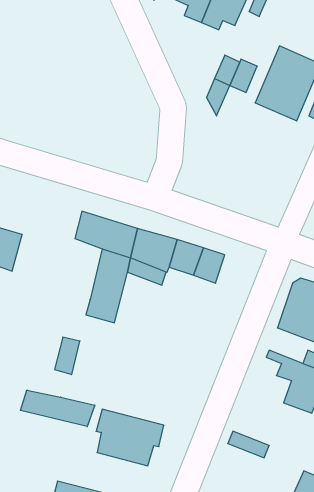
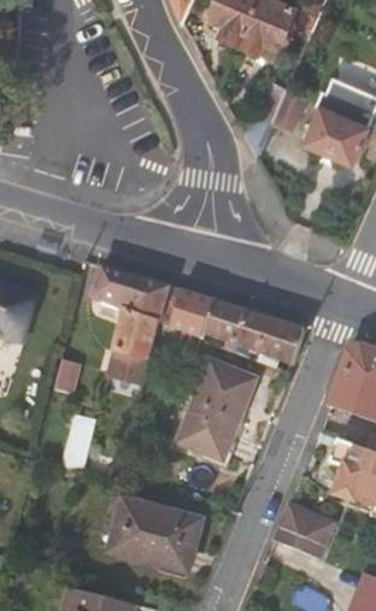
building: none -> [257,318,304,364]
building: none -> [180,363,249,457]
building: [20,390,95,427] -> none
building: none -> [277,504,328,545]

